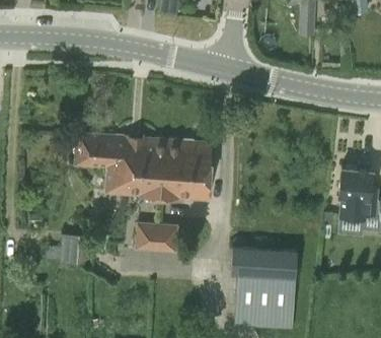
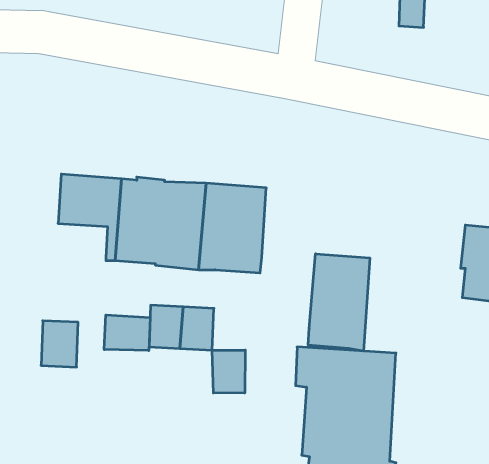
building: none -> [308,254,370,351]
building: none -> [104,315,150,351]
building: none -> [212,350,245,393]

